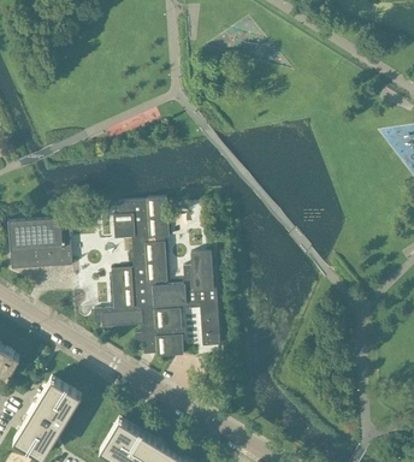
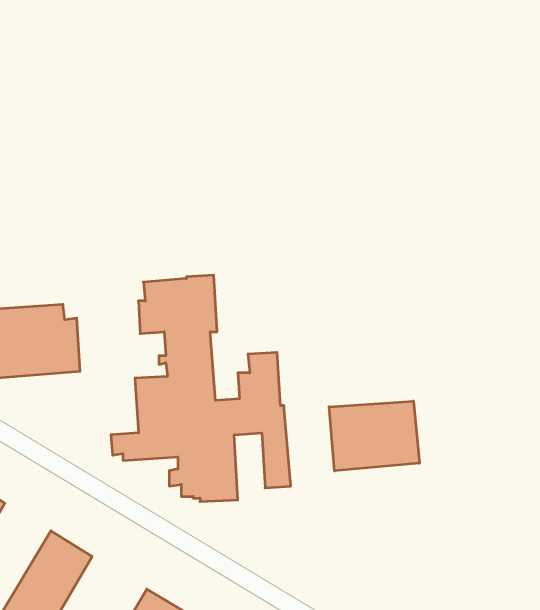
building: none -> [329,401,419,471]

